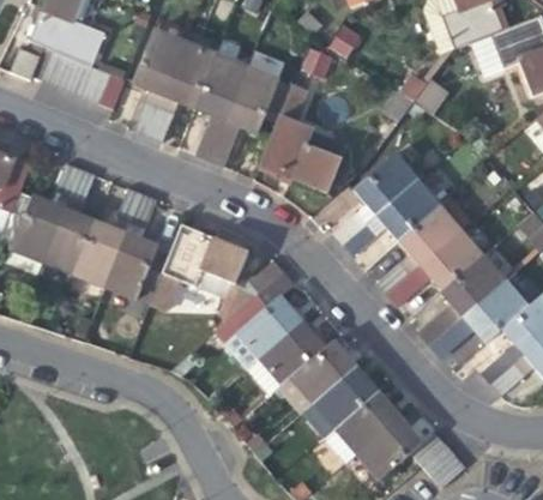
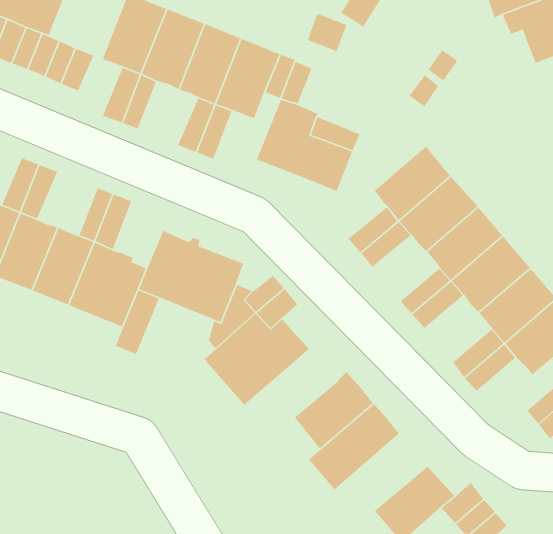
building: [259,320,326,384] -> none
building: [324,390,400,463] -> none

